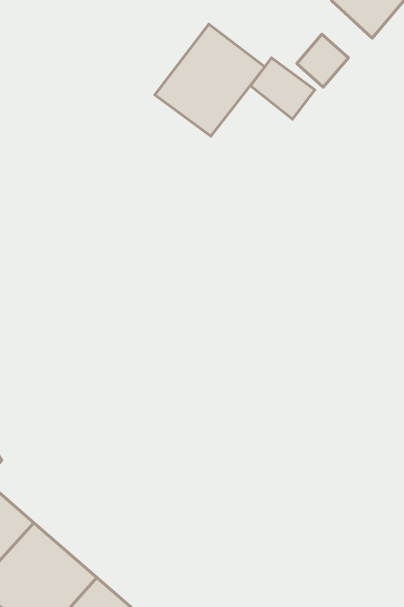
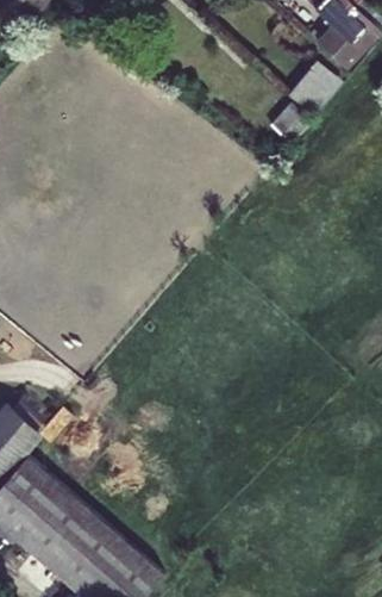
building: [155,24,265,136] -> none

